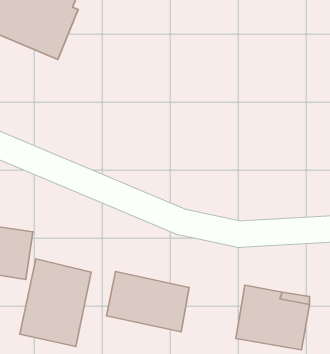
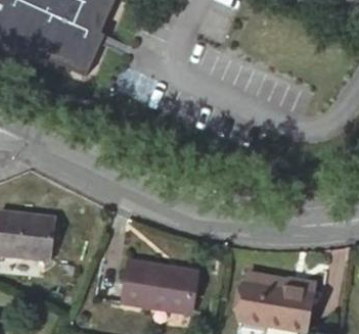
building: [20,259,91,346] -> none

